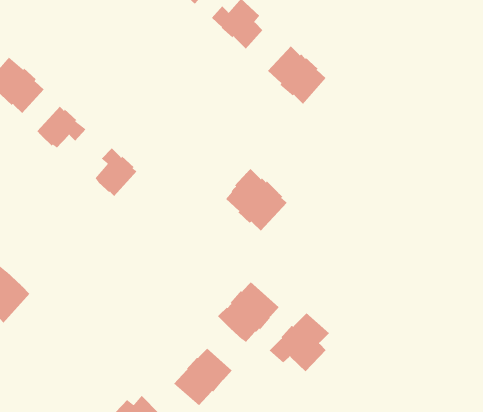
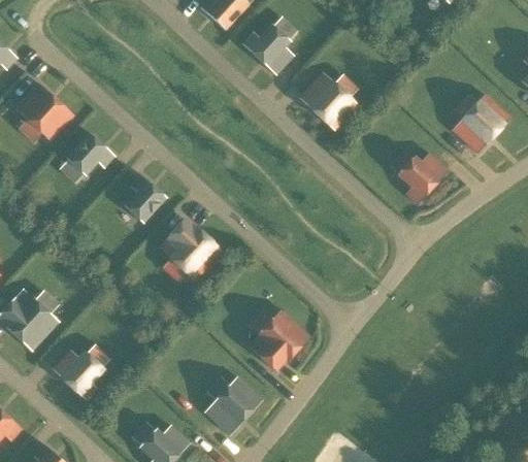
building: none -> [452,93,509,153]
building: none -> [397,152,449,203]
building: [225,168,287,232] -> [159,216,222,279]
building: [269,312,330,372] -> none
building: none -> [52,348,105,399]

